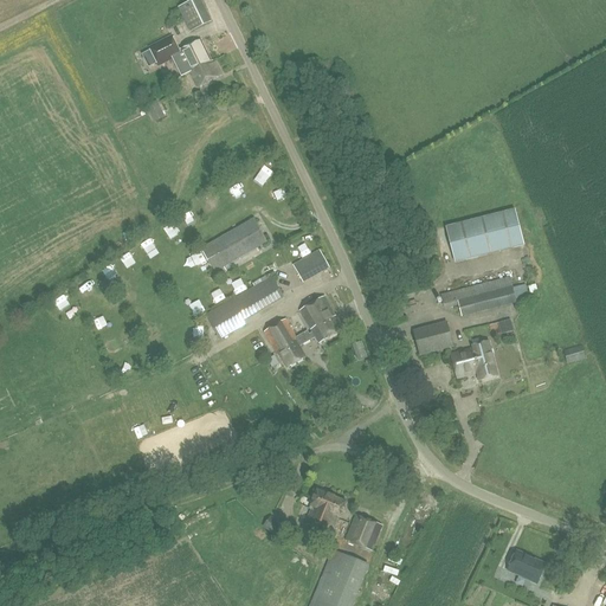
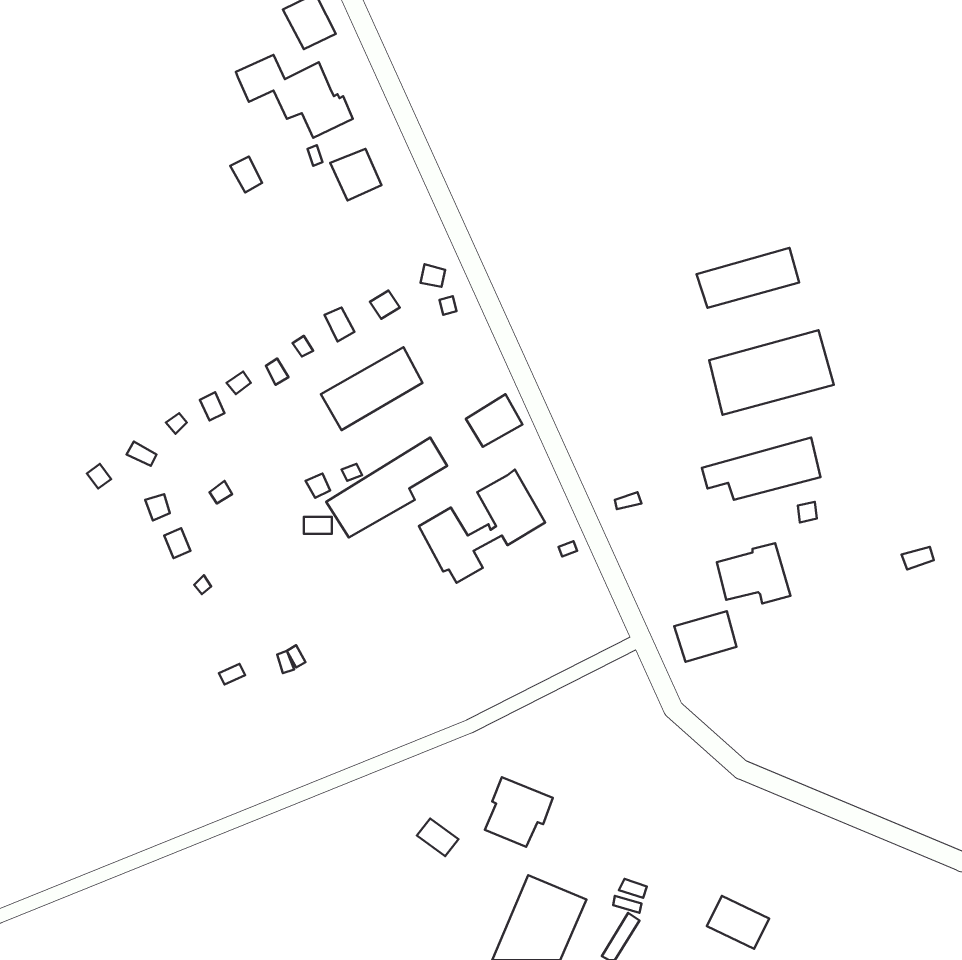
building: none -> [330,149,381,200]
building: none -> [696,248,799,308]
building: [413,320,452,352] -> [674,611,736,662]
building: [344,512,381,549] -> none
building: [507,549,546,582] -> [707,896,769,949]

